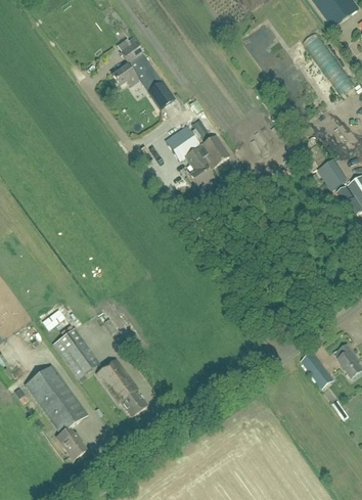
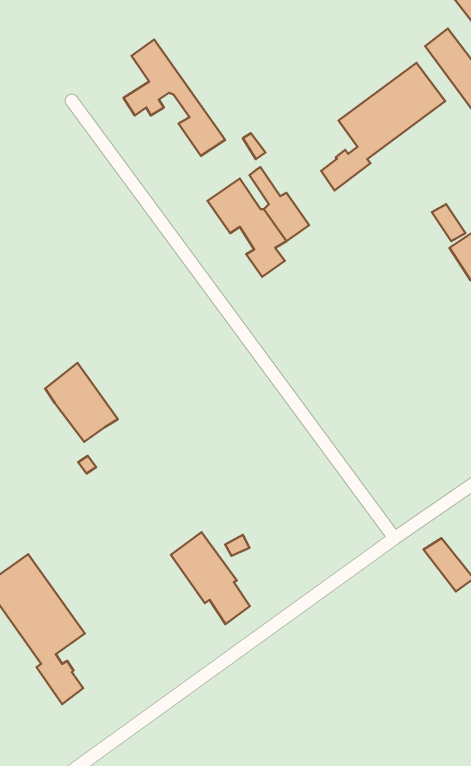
building: none -> [321,63,445,191]
building: [53,326,99,376] -> [45,363,118,442]
building: [96,357,146,415] -> [171,532,250,624]

